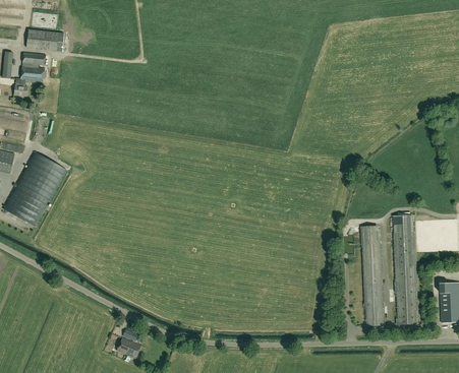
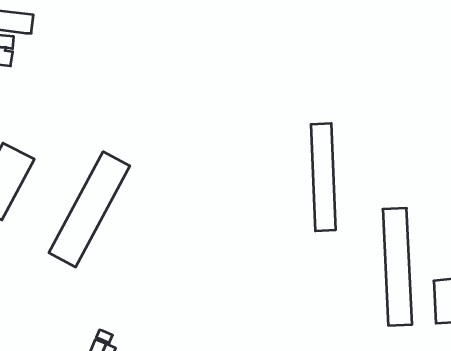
building: none -> [49,152,130,267]
building: [361,225,385,325] -> [311,123,336,231]

